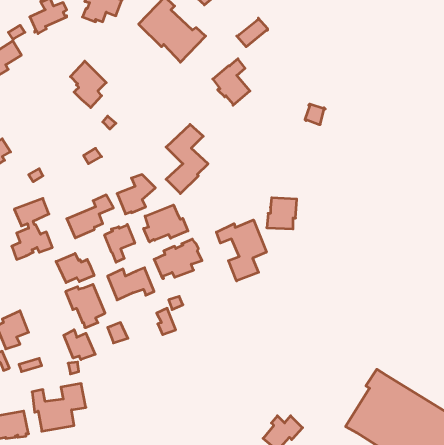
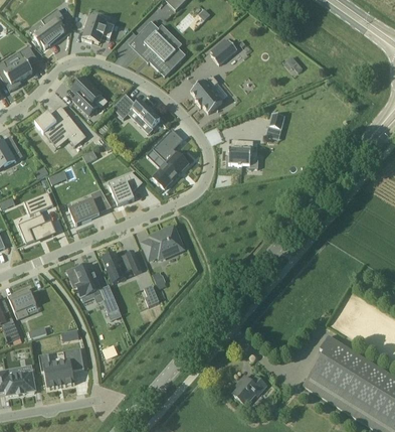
building: none -> [123,99,160,128]
building: none -> [35,106,86,146]
building: [267,198,297,229] -> [228,139,253,165]
building: [144,205,188,242] -> none
building: [216,220,266,281] -> none
building: [105,224,135,262] -> none
building: [56,253,94,283] -> none
building: [64,330,95,360] -> none

